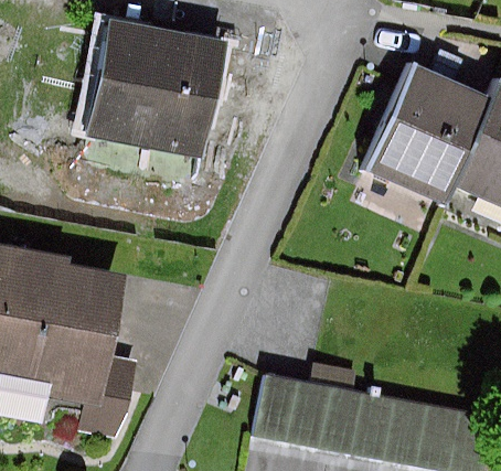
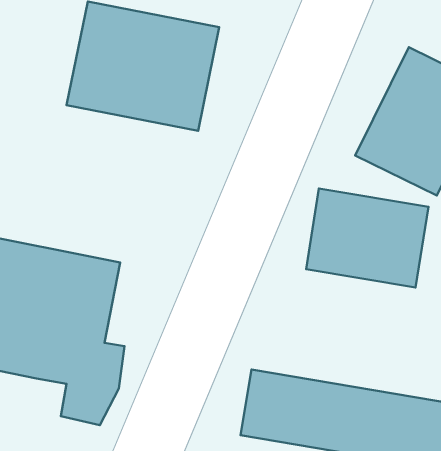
building: none -> [306,188,428,288]

